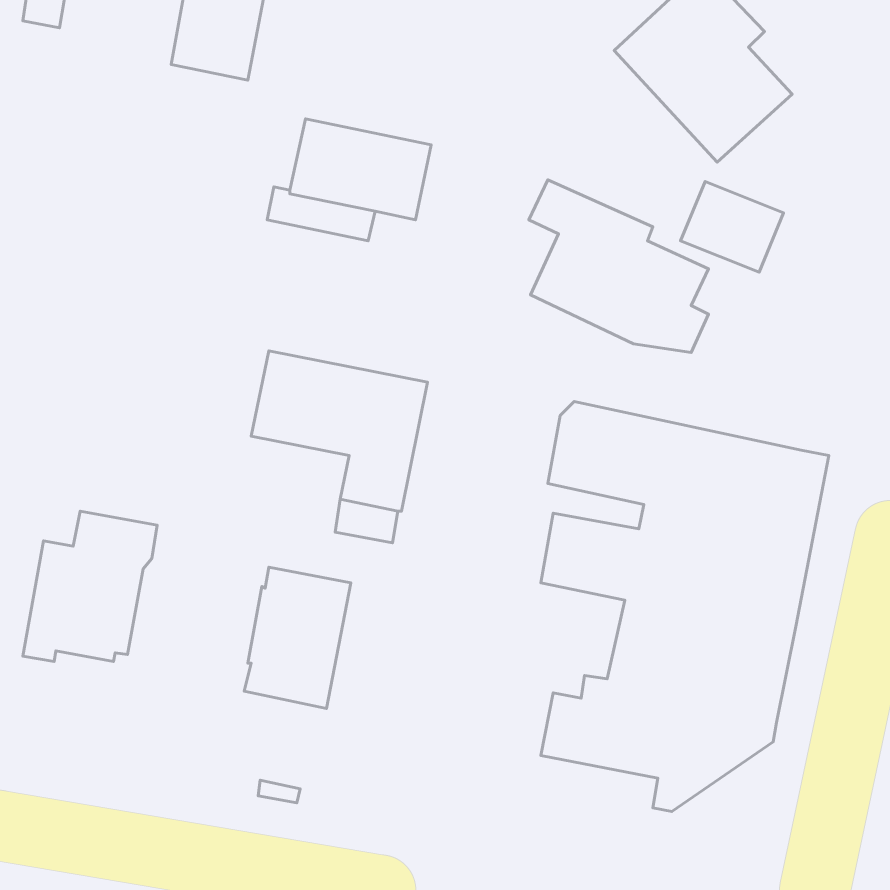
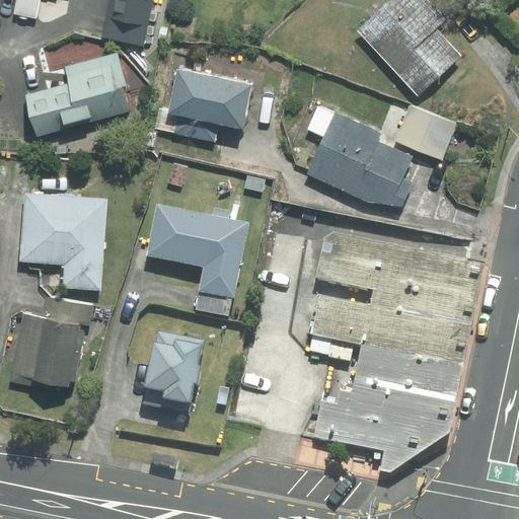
building: none -> [27,51,126,135]
building: none -> [18,192,106,296]

